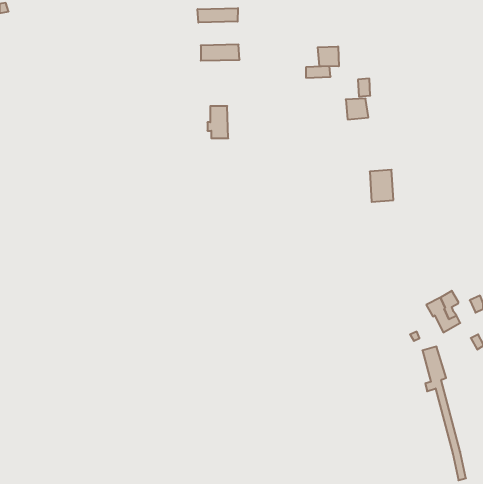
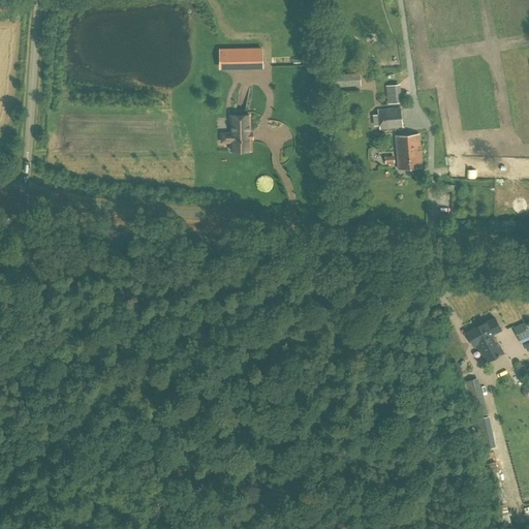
building: [198,8,238,23] -> none
building: [318,46,339,66] -> none
building: [370,170,393,202] -> [395,134,421,169]

